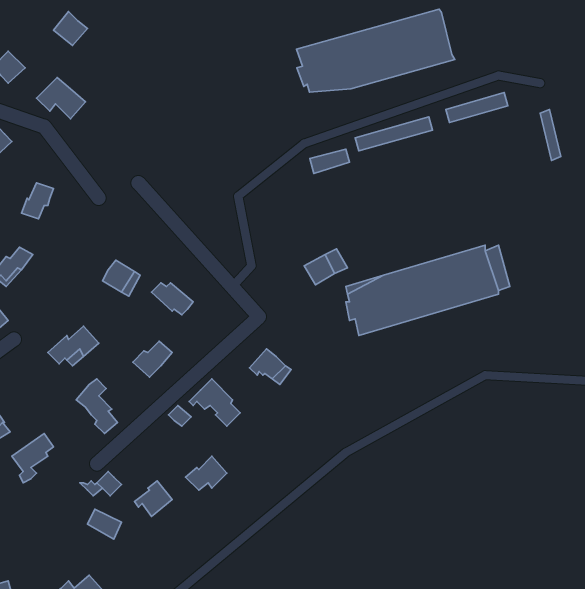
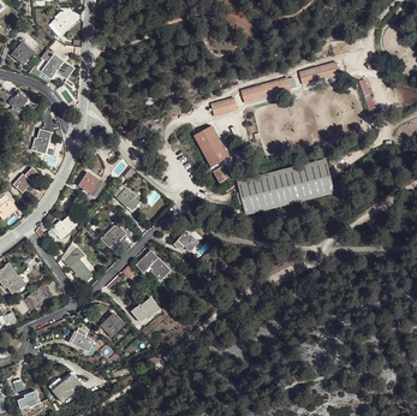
building: [297,9,455,92] -> none
building: none -> [190,130,225,171]

